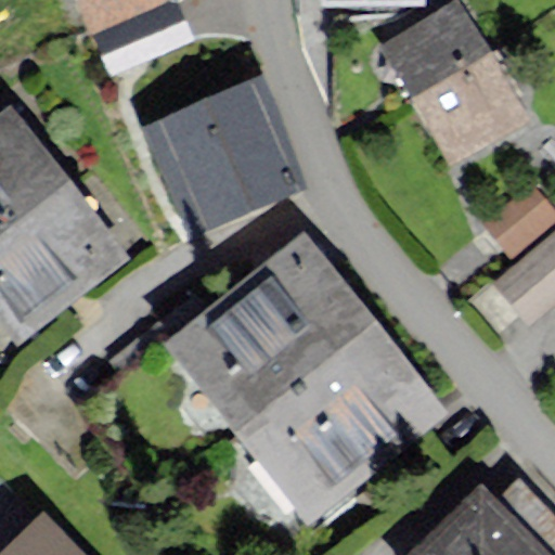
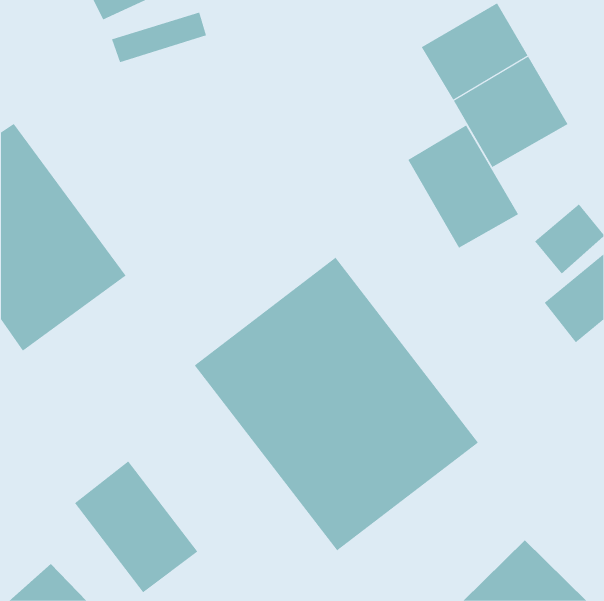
building: [151,86,292,221] -> none
building: none -> [408,125,519,249]
building: none -> [74,461,198,593]

